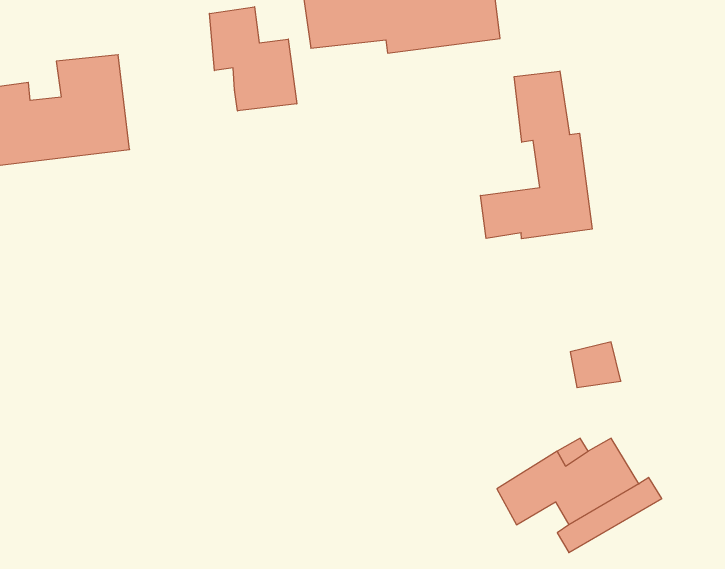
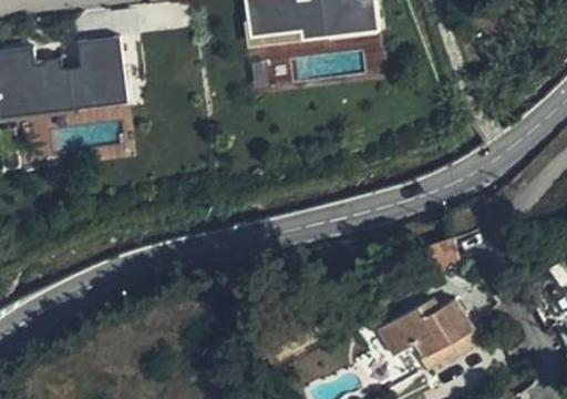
building: [209,7,297,111] -> none
building: [480,71,592,239] -> none

